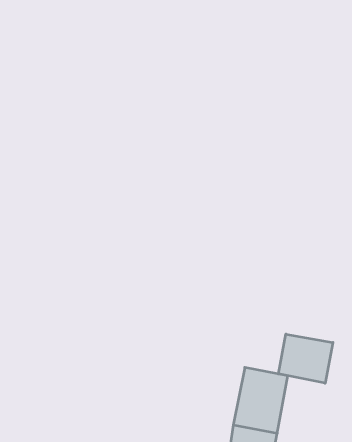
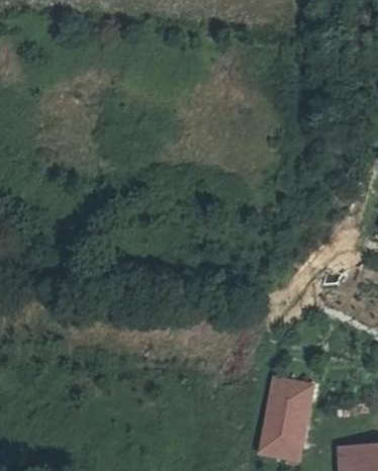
building: [278,334,333,383] -> none

